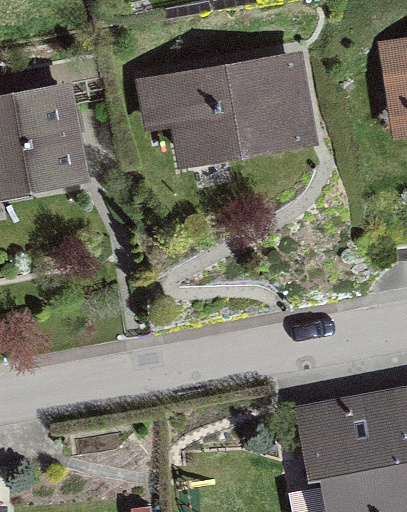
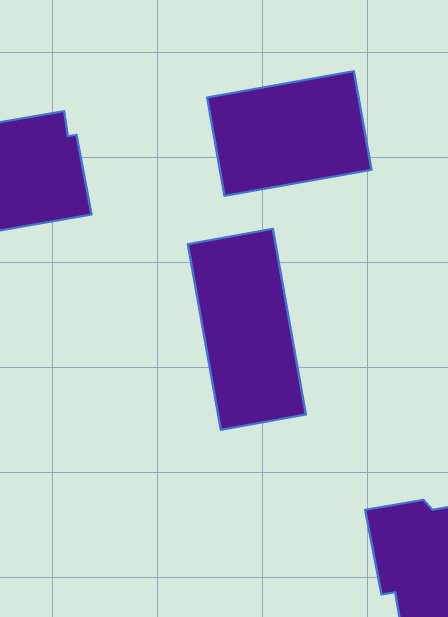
building: none -> [188,229,306,430]

